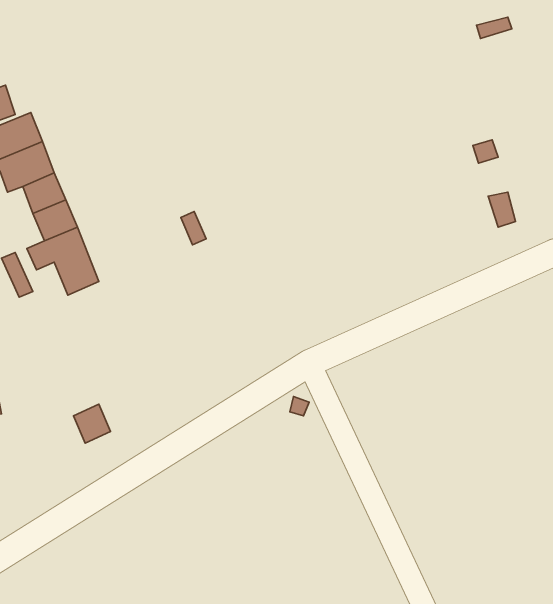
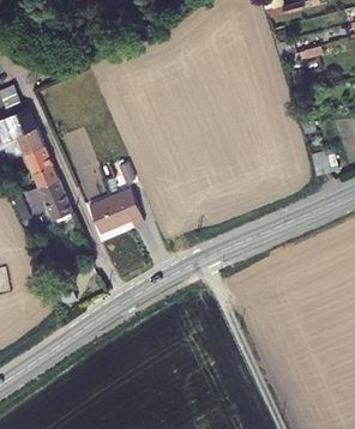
building: none -> [90,189,145,235]

